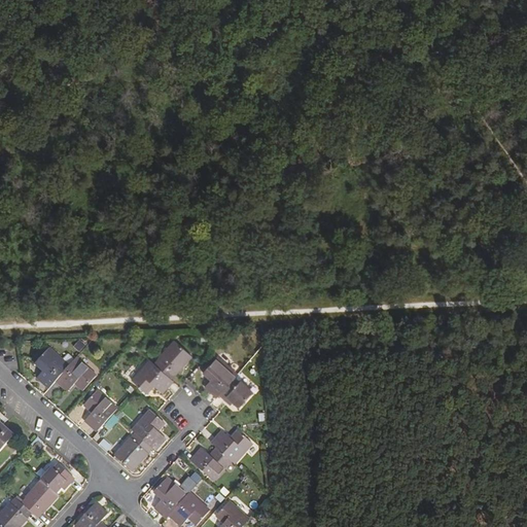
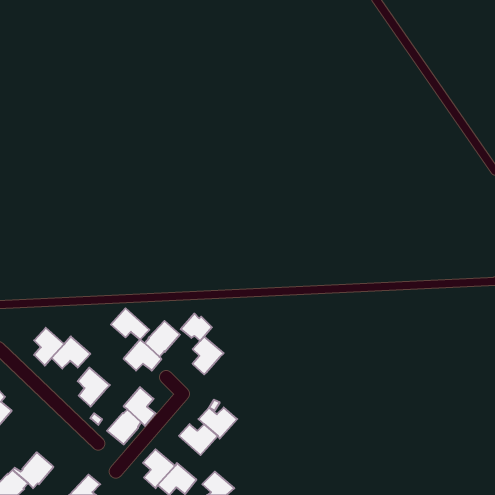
building: none -> [111,308,149,339]
building: [218,378,251,407] -> [181,314,212,341]
building: [39,463,72,492] -> none

